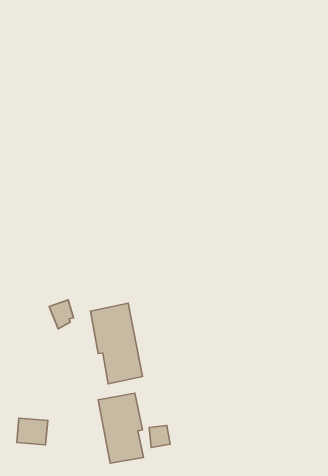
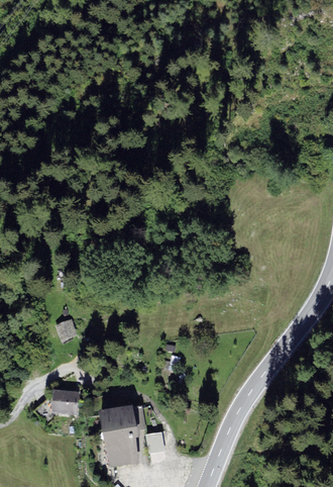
building: [91,303,142,384] -> none
building: [17,418,48,445] -> [50,389,79,413]

